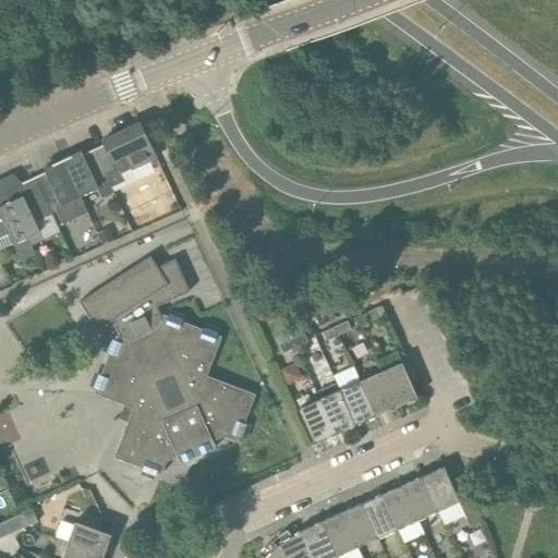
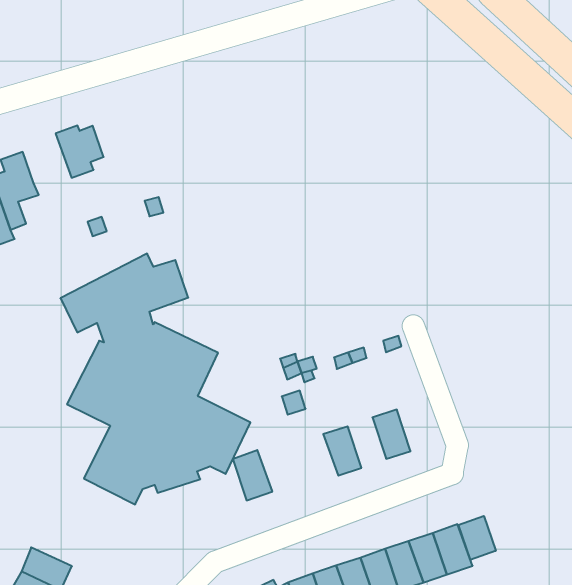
building: [94,123,156,187] -> none
building: [35,159,87,226] -> none
building: [381,362,417,407] -> none
building: [340,380,376,425] -> none
building: [299,399,336,444] -> [233,450,272,500]
building: none -> [458,516,496,560]

